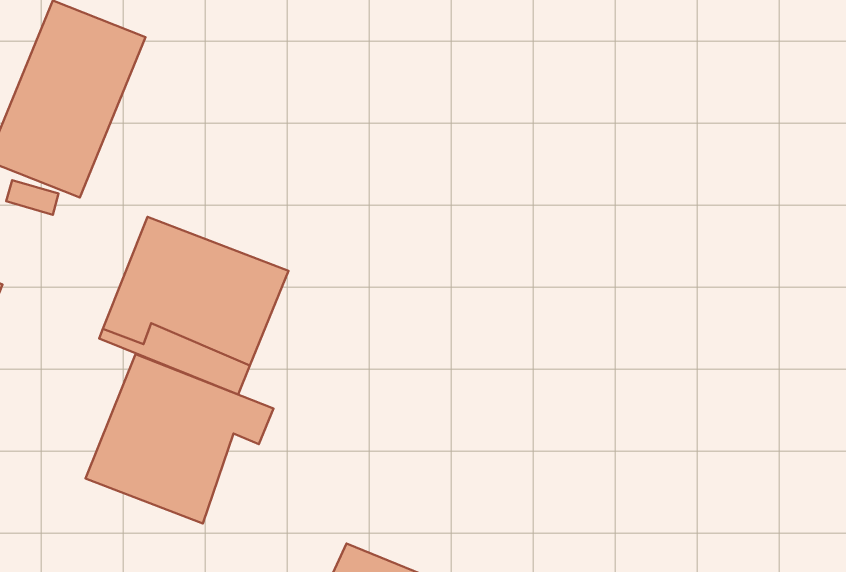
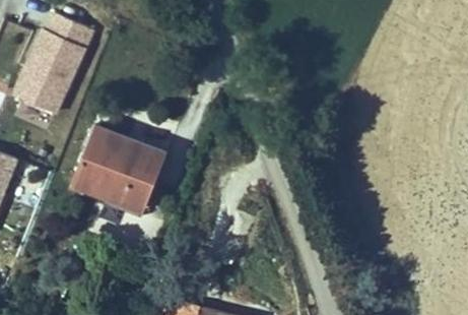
building: [86,354,273,523] -> none

